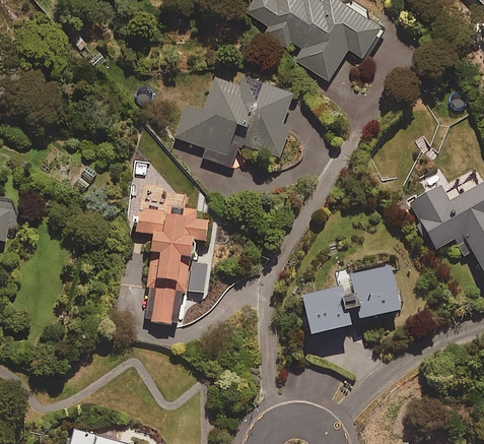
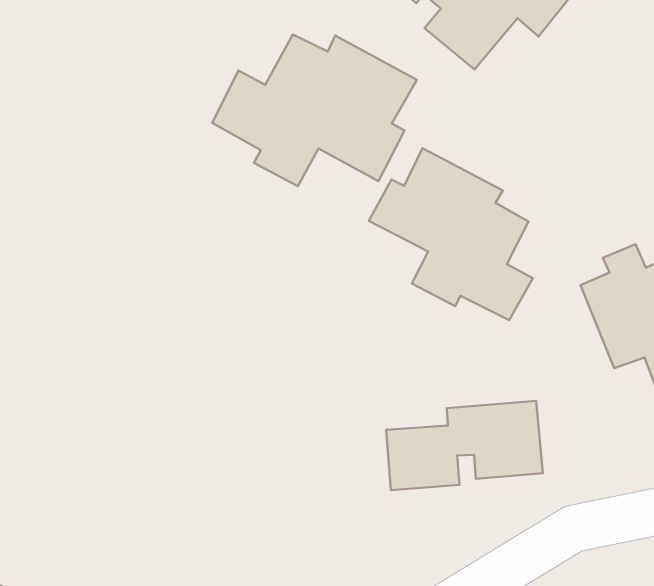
building: none -> [369,148,533,320]
building: [133,192,207,324] -> none

